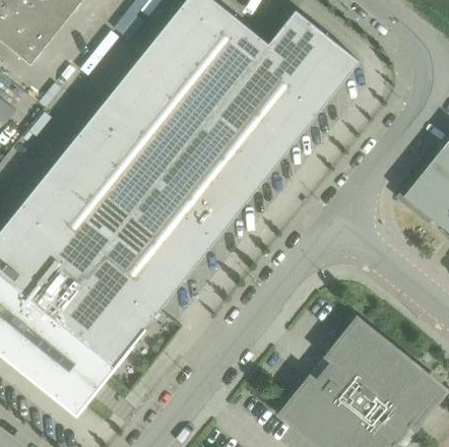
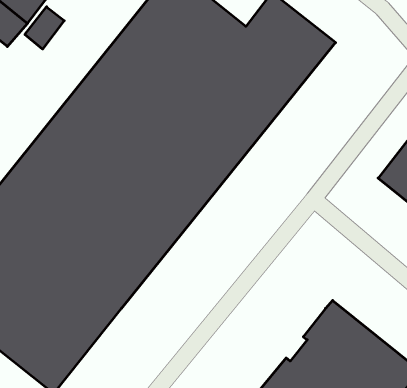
building: none -> [25,7,64,49]

